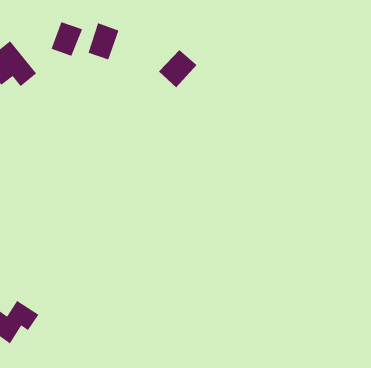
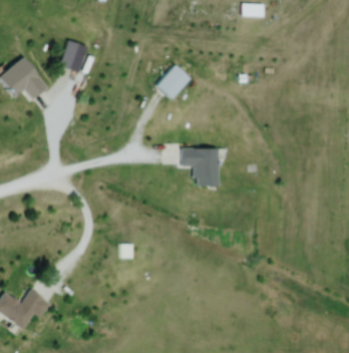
building: [87,22,120,60] -> none
building: none -> [183,148,219,185]

